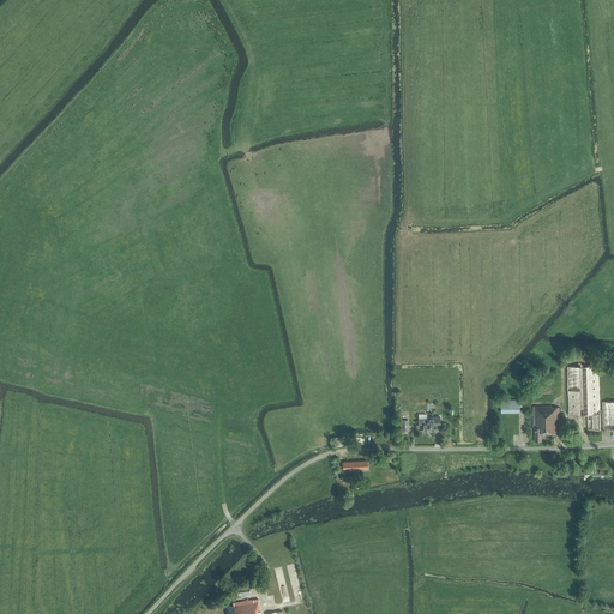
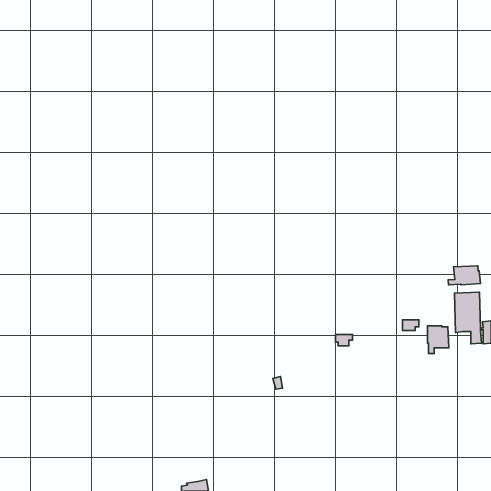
building: none -> [448,266,480,285]

